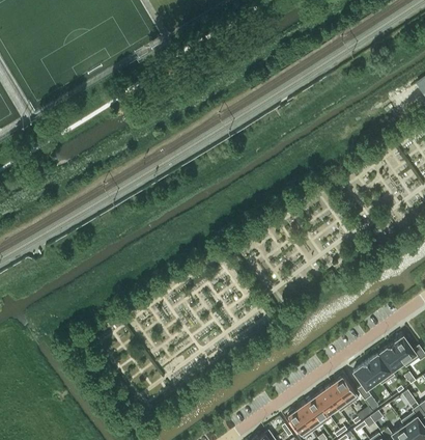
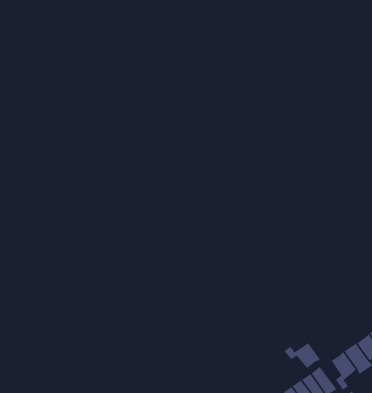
building: none -> [284,342,321,369]

